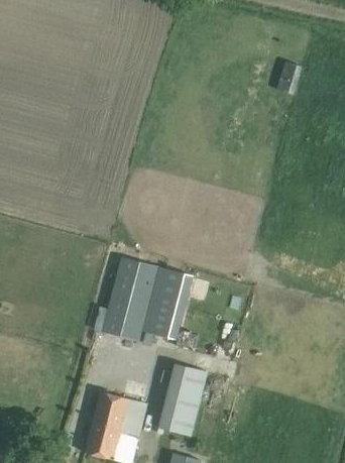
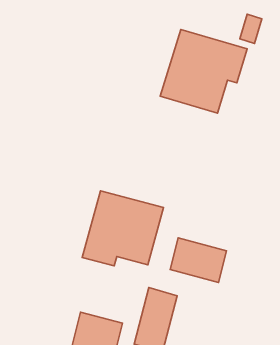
building: none -> [160,29,247,113]
building: none -> [170,238,227,282]

